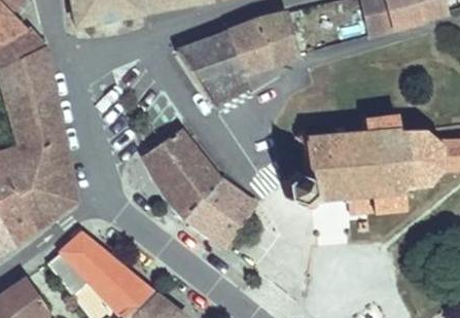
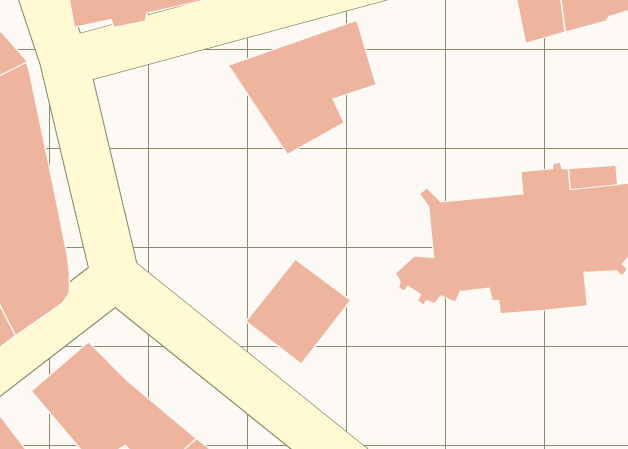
building: [257,13,293,62] -> none
building: [143,130,217,215] -> none

